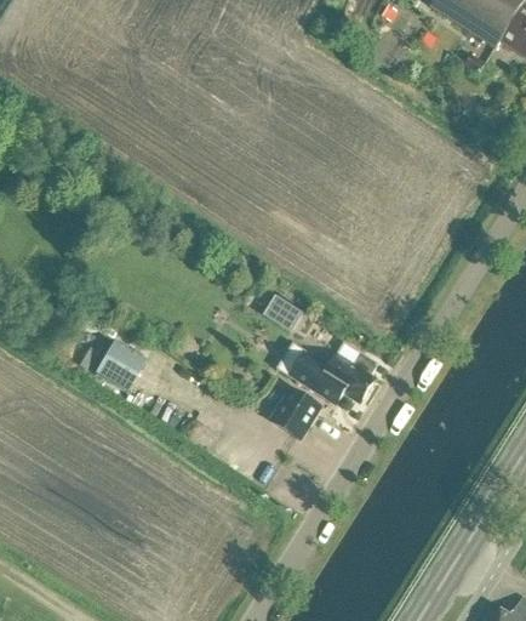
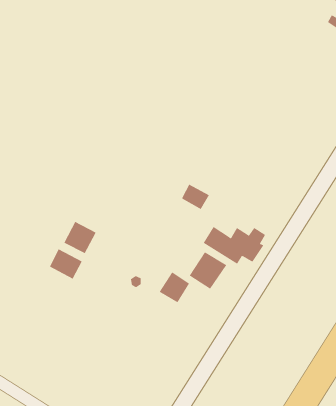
building: none -> [49,249,82,279]
building: none -> [159,272,190,303]

